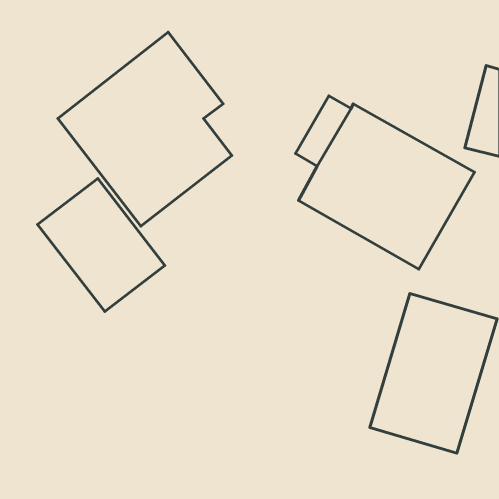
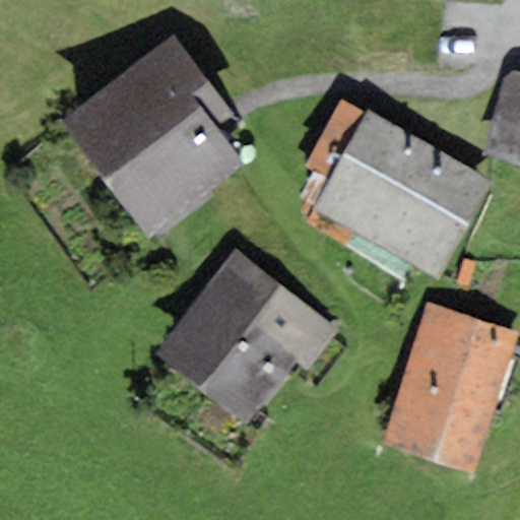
building: [38,179,165,311] -> none
building: none -> [154,249,341,427]

